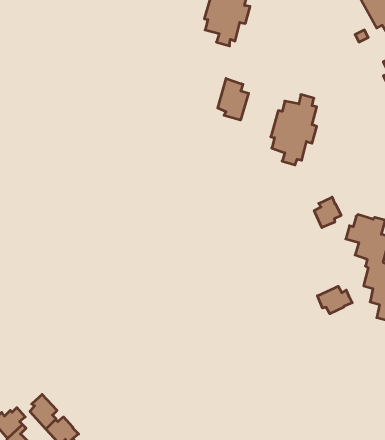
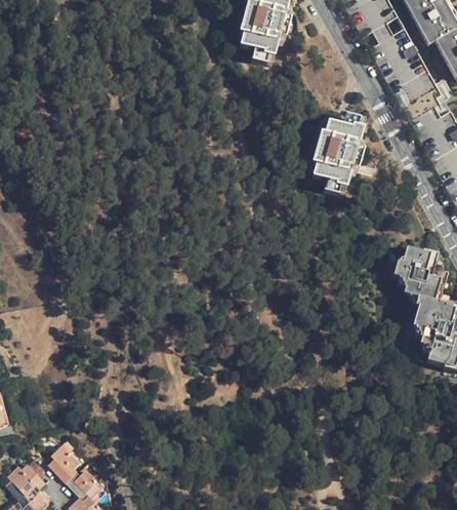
building: [218,78,249,120] -> none
building: [314,197,341,228] -> none
building: [317,286,352,314] -> none

